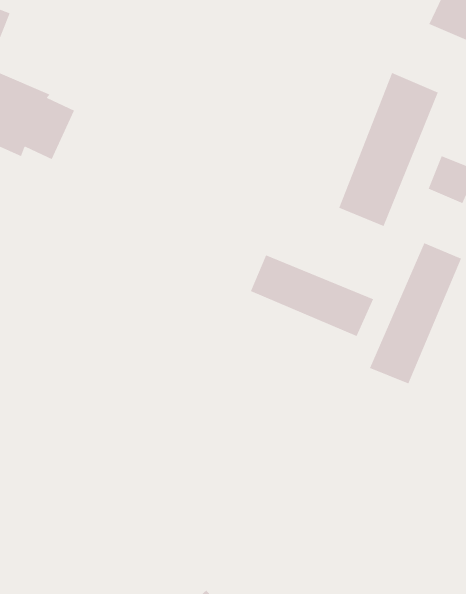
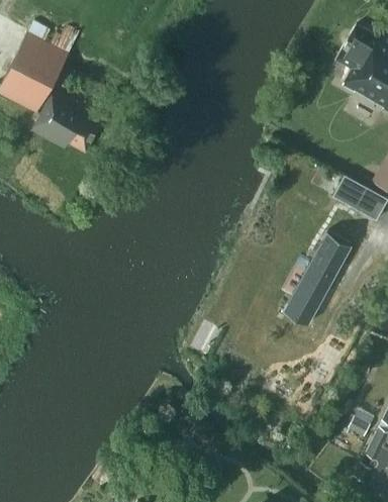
building: [339,72,438,227] -> none
building: [250,254,374,337] -> none

